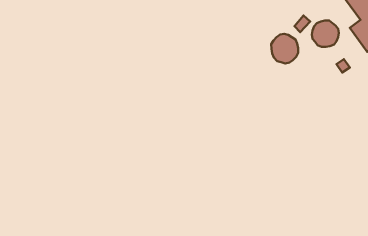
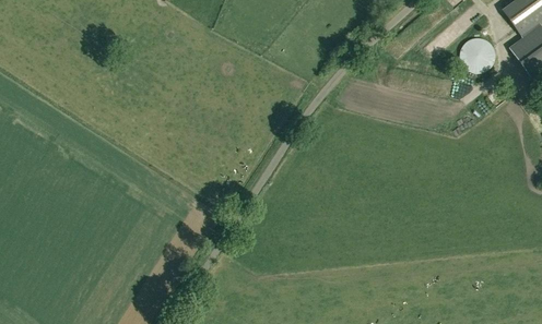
building: [271,34,298,63] -> none

